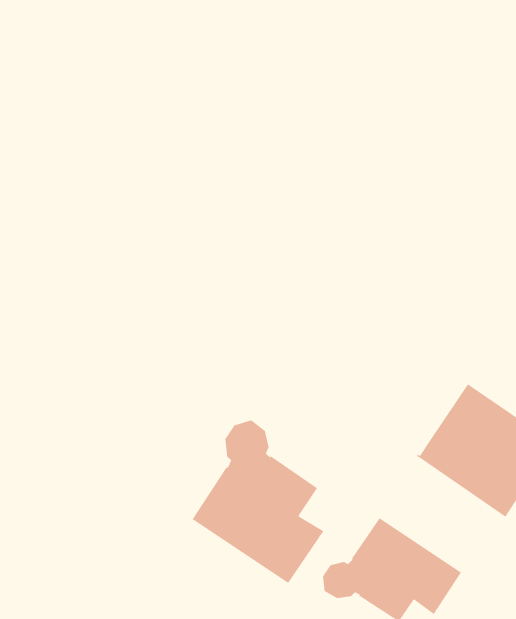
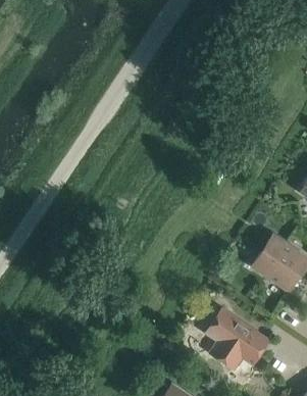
building: [192,419,324,584] -> none

